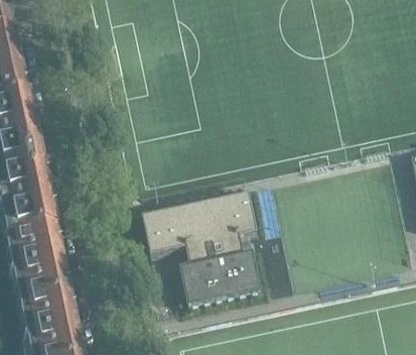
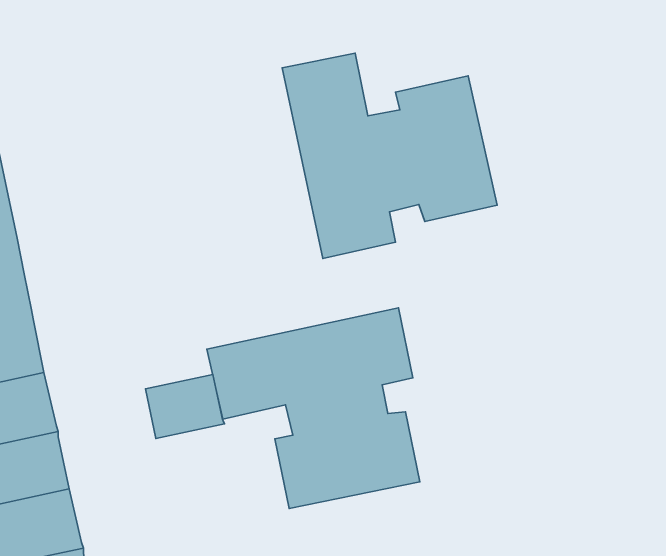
building: none -> [282,53,497,258]
building: none -> [146,375,224,438]

